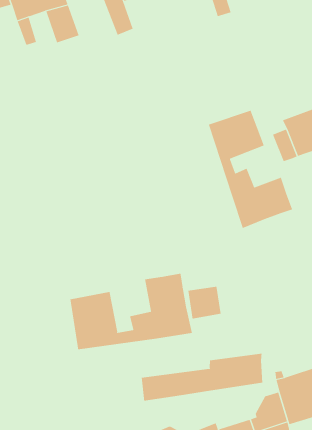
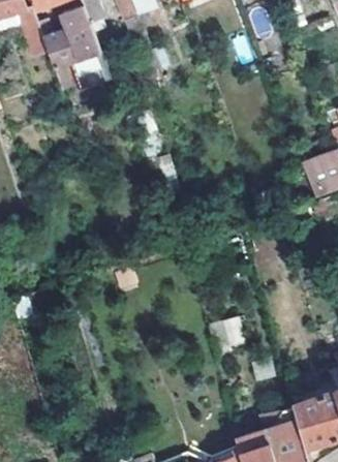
building: [208,110,293,229] -> none
building: [70,273,192,350] -> none
building: [141,353,263,402] -> none

